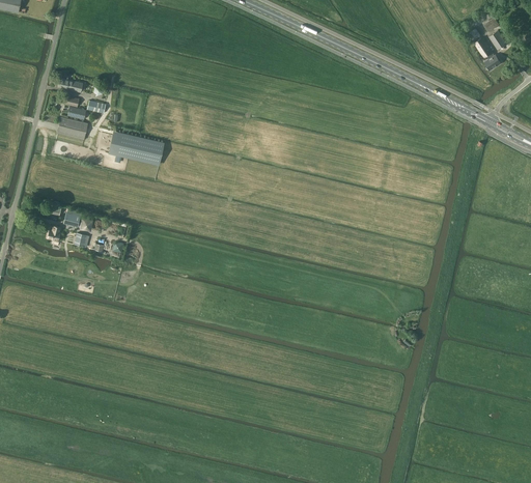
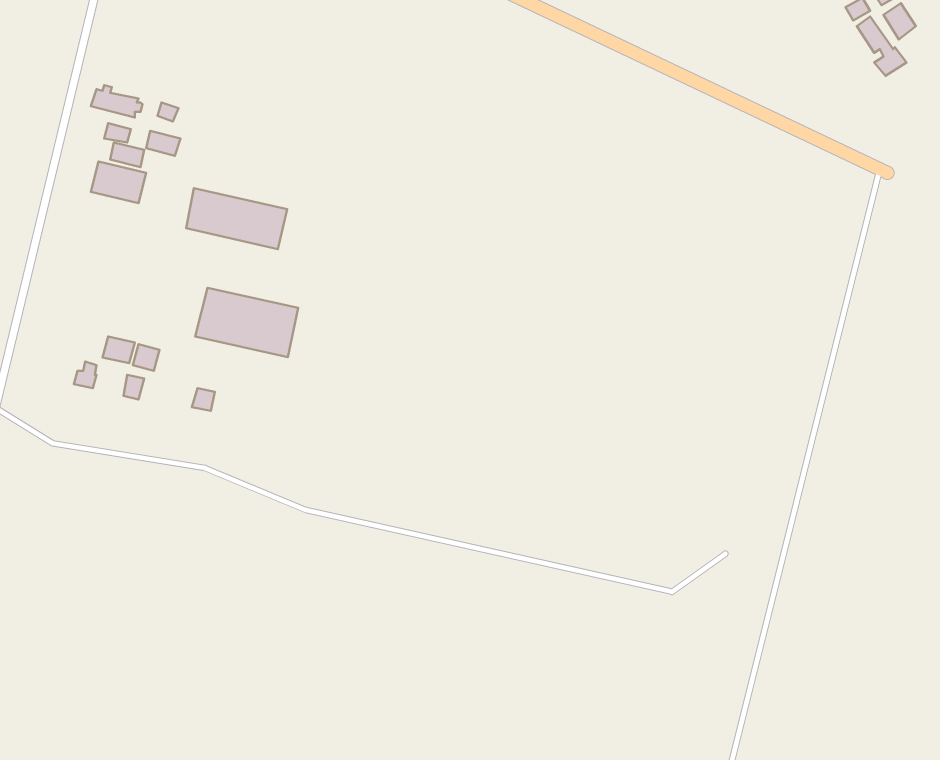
building: none -> [195,288,298,357]

